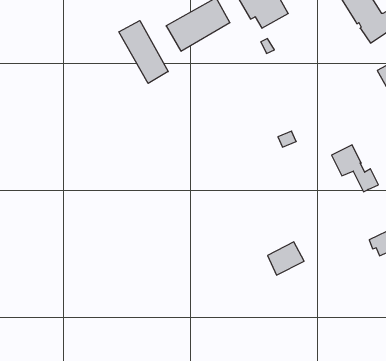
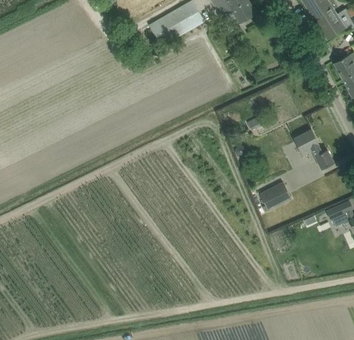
building: [119,21,168,83] -> none
building: [268,242,304,275] -> [259,182,291,211]

